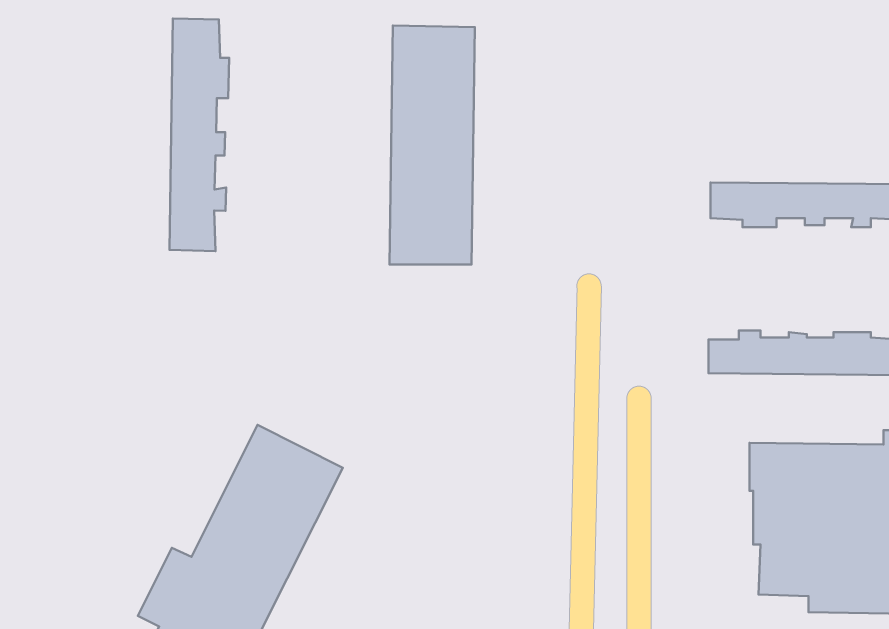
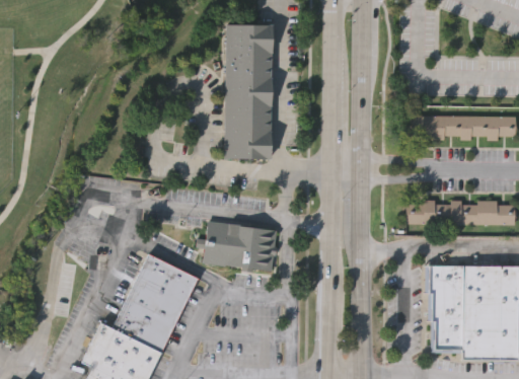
building: [170,18,229,251] -> none
building: none -> [197,221,278,272]

